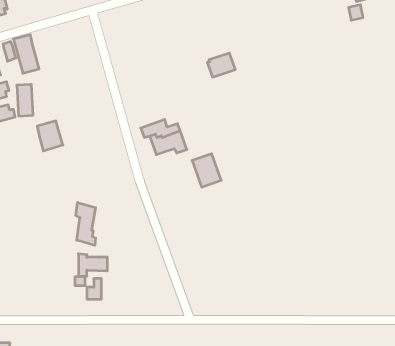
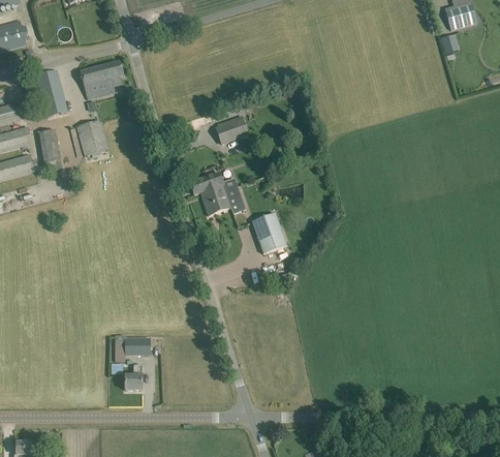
building: none -> [79,61,123,98]
building: [207,53,235,77] -> [214,115,248,144]
building: [37,121,63,151] -> [76,119,107,155]
building: [76,202,96,245] -> none

